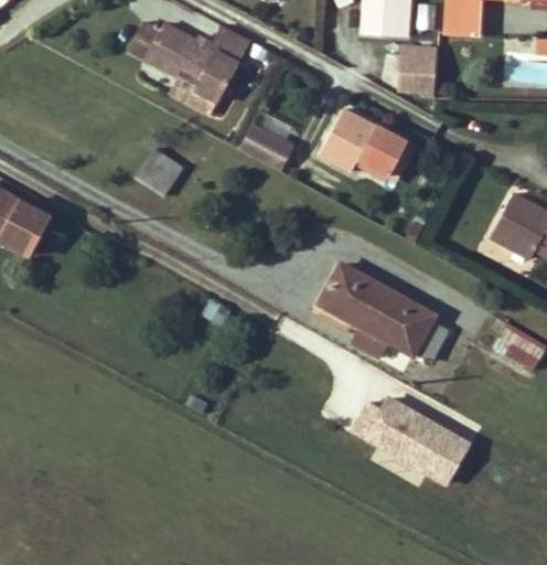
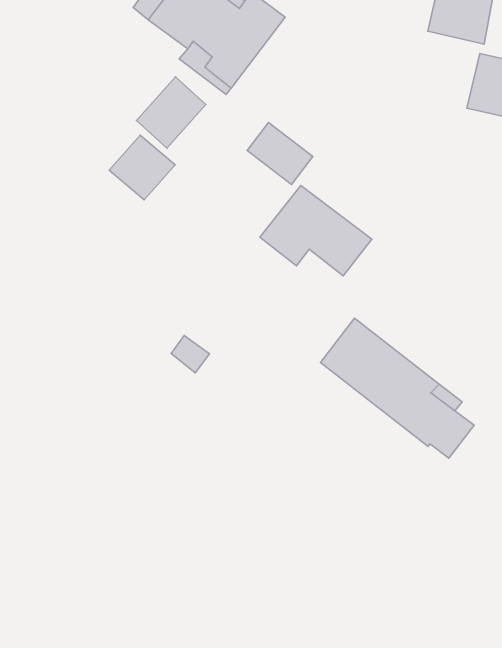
building: none -> [136,77,206,148]
building: [320,110,407,175] -> [260,185,372,276]
building: [347,398,471,495] -> none

